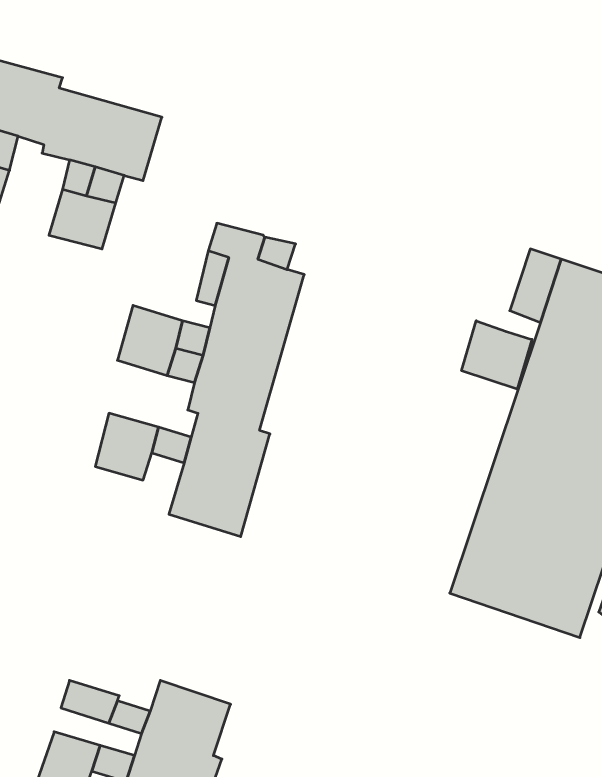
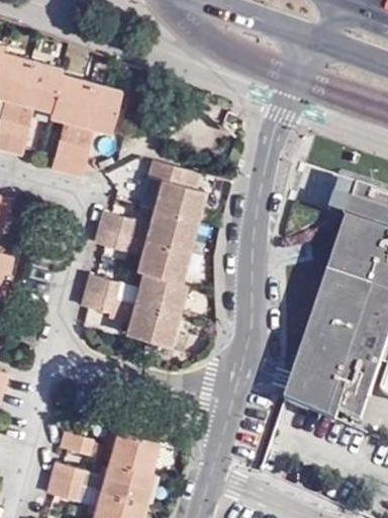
building: [462,321,532,389] -> none
building: none -> [283,379,367,425]

